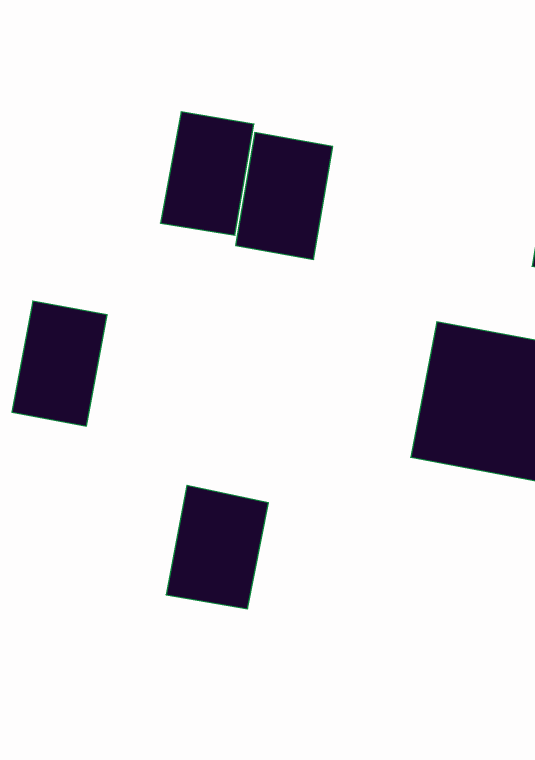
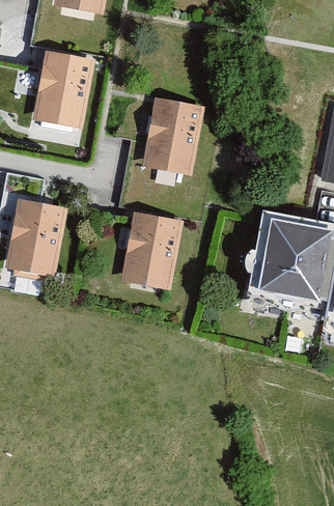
building: [160,112,254,235] -> [37,52,93,125]
building: [166,485,268,609] -> [124,213,186,286]

